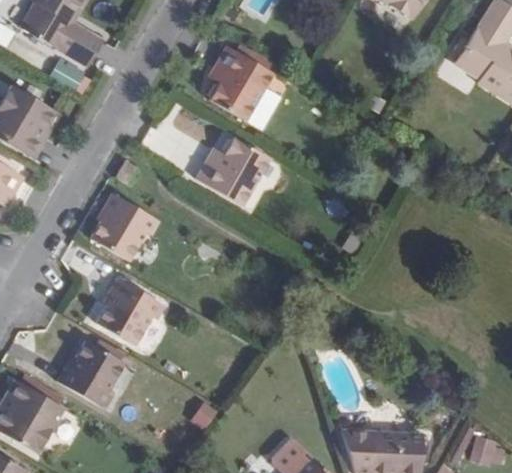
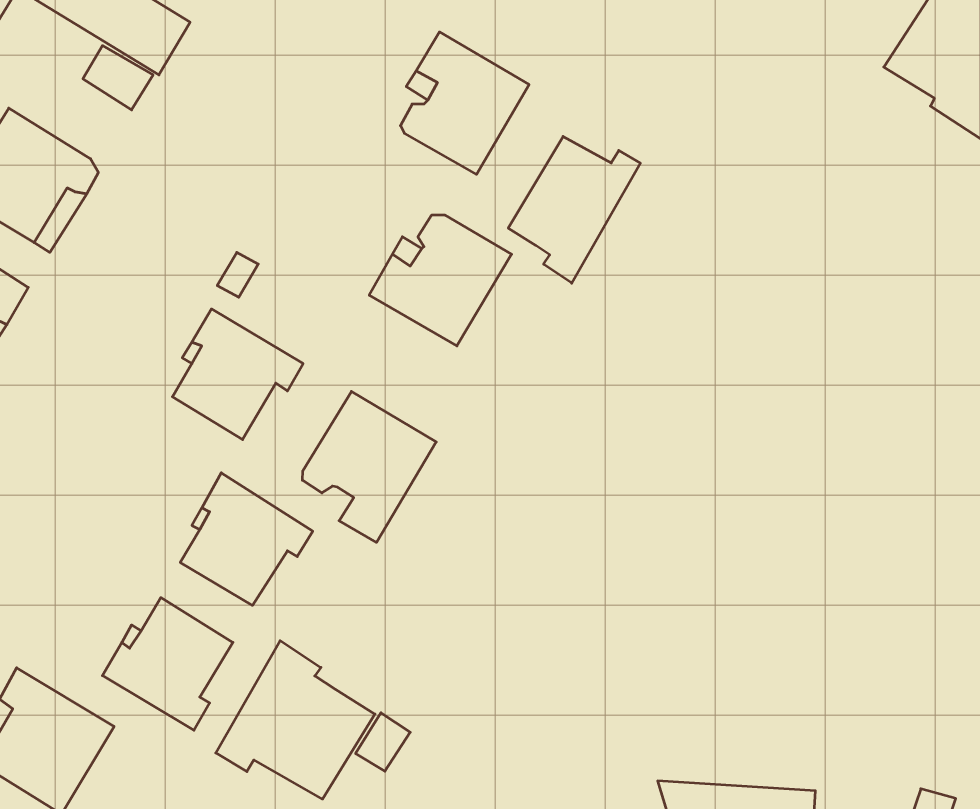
building: none -> [508,136,640,283]
building: none -> [302,391,436,542]
building: none -> [216,641,375,799]

